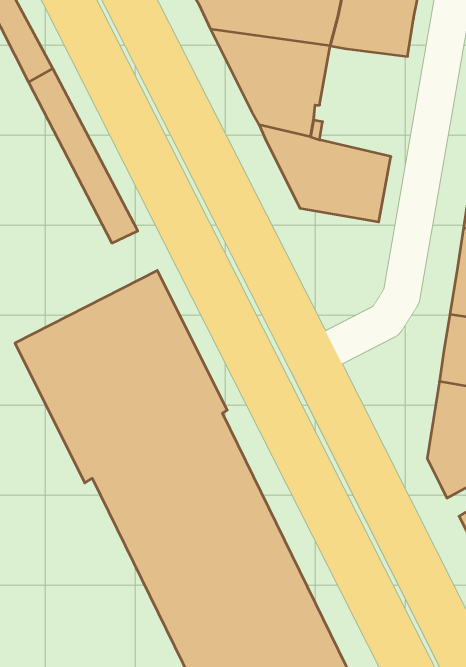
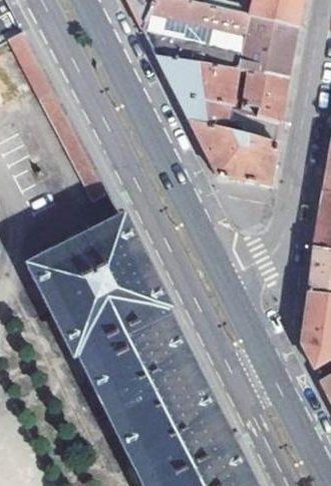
building: none -> [241,71,287,121]

